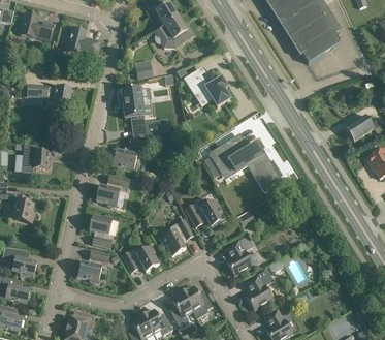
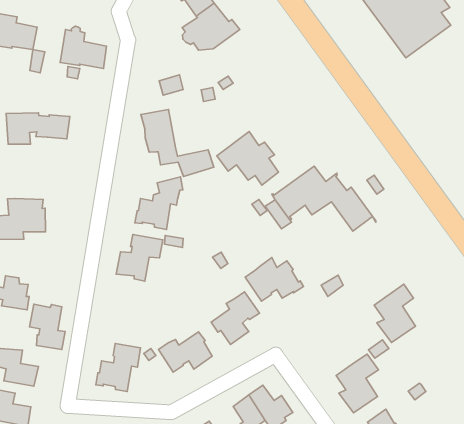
building: [188,69,230,107] -> [217,131,279,185]
building: [89,214,114,247] -> [29,304,65,350]
building: [225,235,253,275] -> [374,284,416,342]

